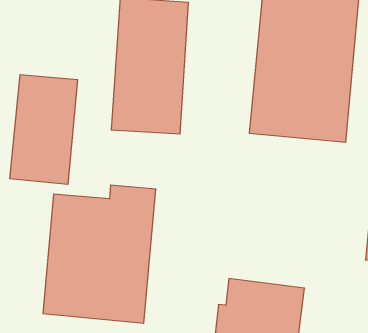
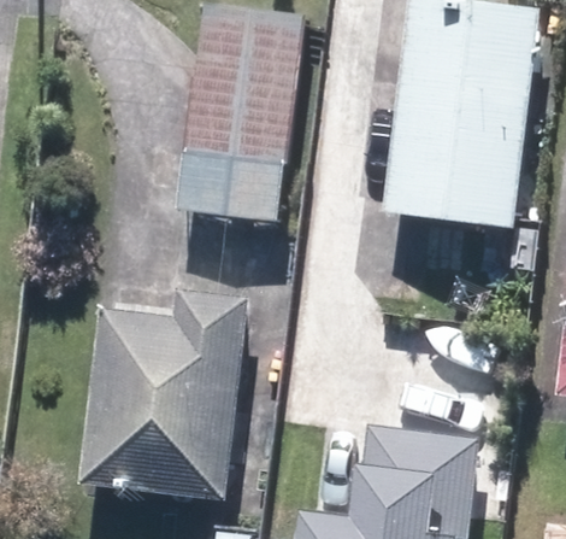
building: [10,75,78,184] -> none

